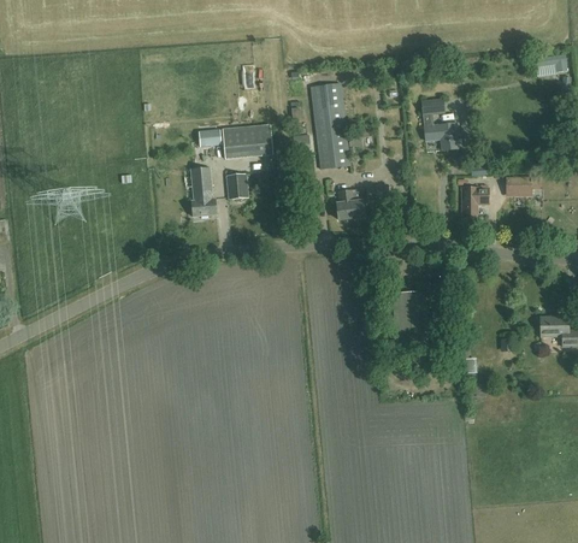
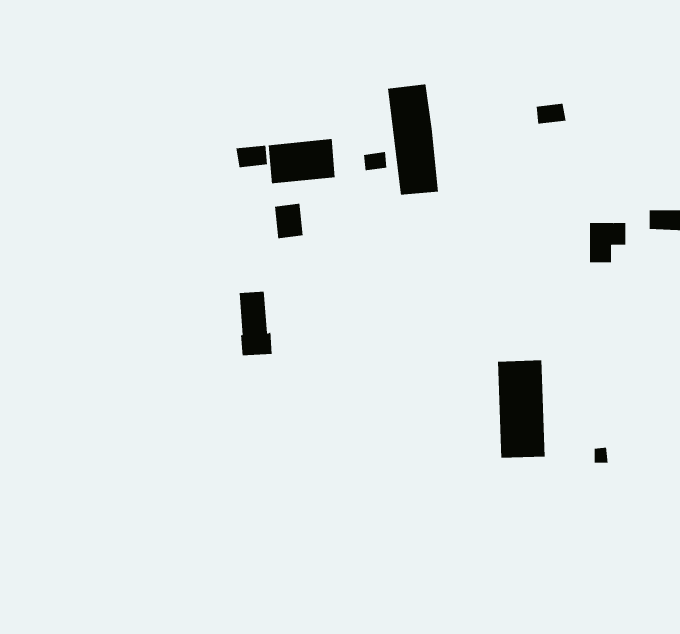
building: [424,122,458,153] -> none
building: [190,167,216,216] -> [239,291,273,356]
building: [336,184,389,219] -> none

